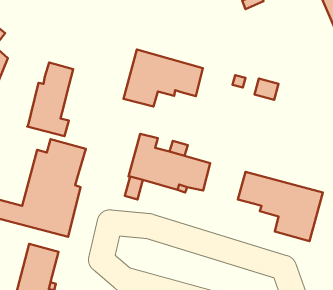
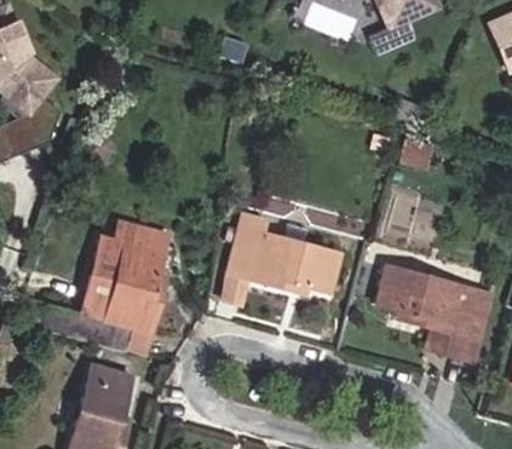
building: [124,49,203,107] -> none
building: [27,63,73,136] -> none

